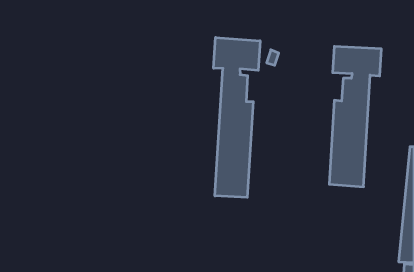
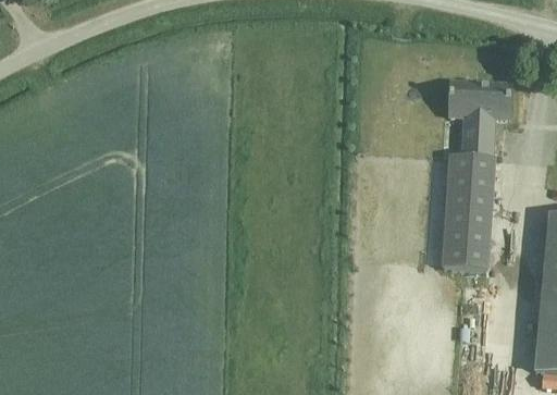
building: [214,37,260,197] -> none

